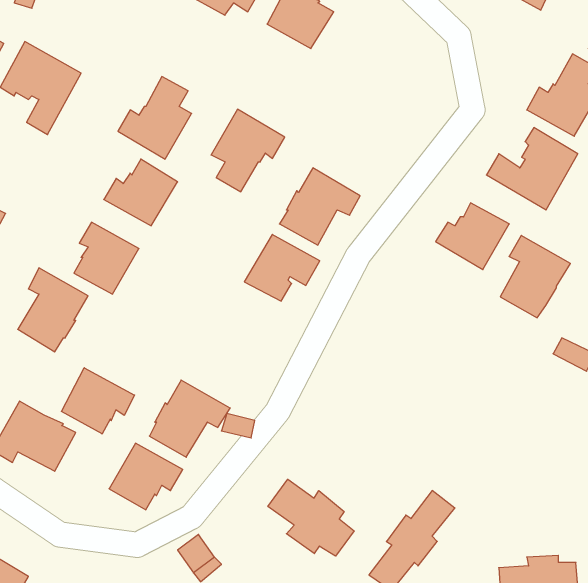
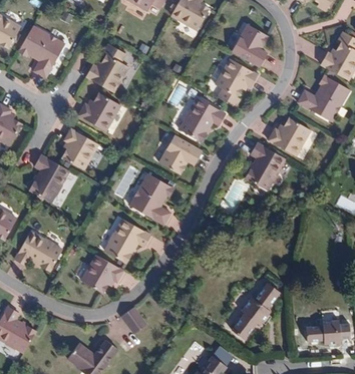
building: none -> [232,24,268,66]
building: [211,109,285,192] -> [215,58,257,105]
building: [500,235,570,318] -> [245,142,285,190]
building: none -> [129,172,173,225]
building: [61,368,135,434] -> none
building: [268,479,354,556] -> none

